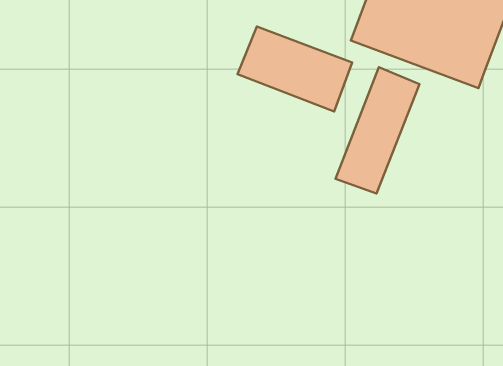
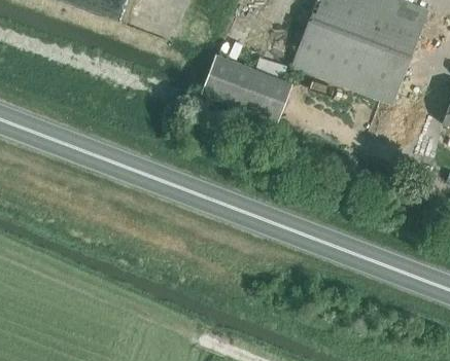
building: [336,67,419,194] -> none

